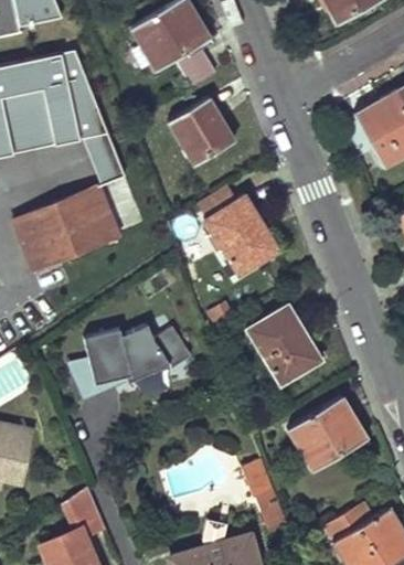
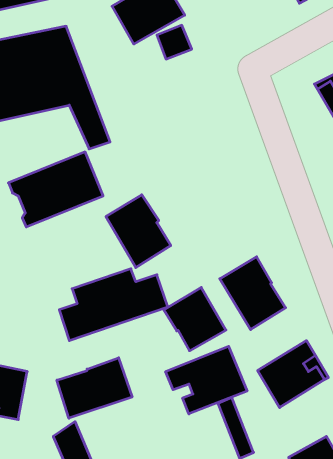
building: [163,98,232,167] -> none
building: [205,196,277,277] -> [106,195,171,268]
building: none -> [164,287,226,351]
building: none -> [166,346,247,414]
building: none -> [57,358,132,418]

